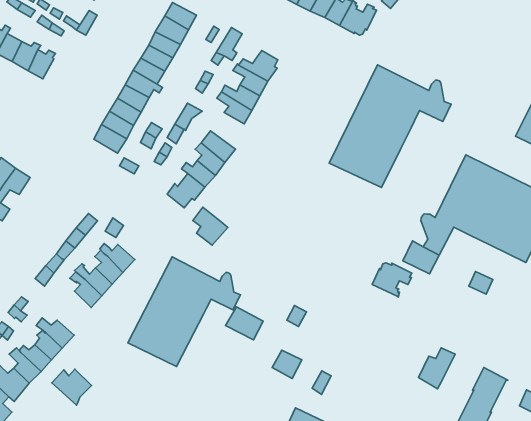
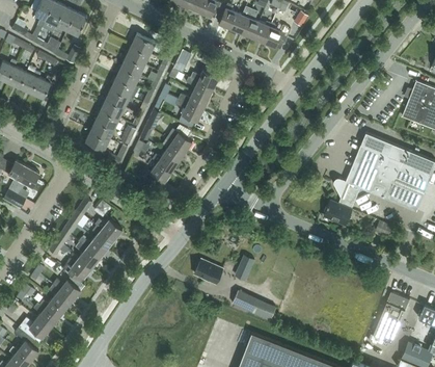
building: [329,65,451,187] -> none
building: [193,207,228,245] -> none
building: [128,257,240,366] -> none
building: [372,263,412,297] -> none
building: [419,348,455,389] -> none
building: [52,369,92,405] -> [62,257,92,284]

